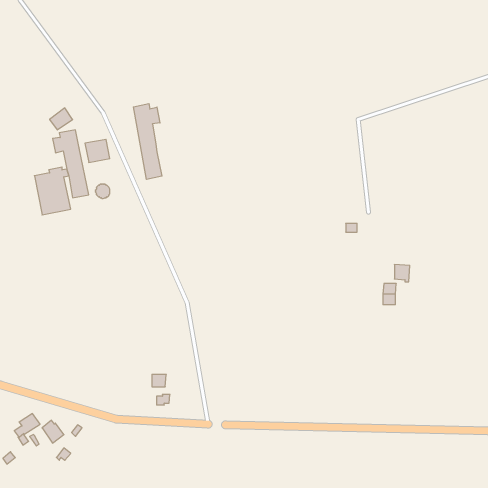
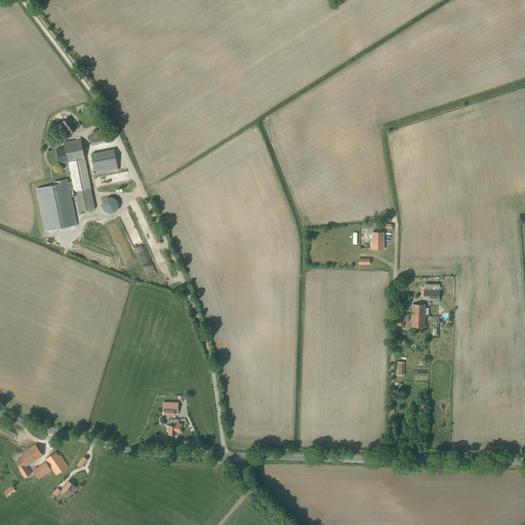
building: [133,104,162,179] -> none

